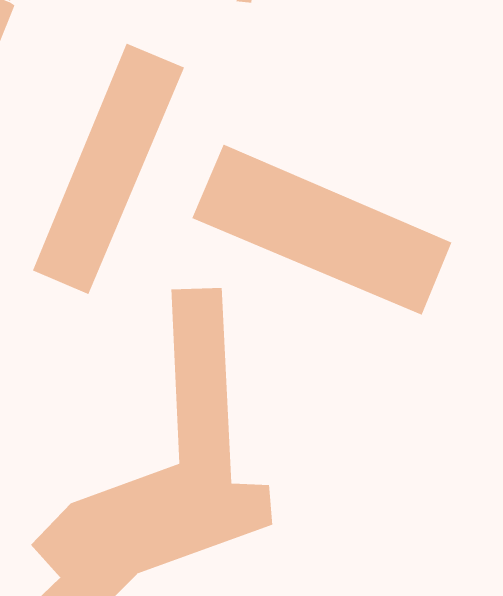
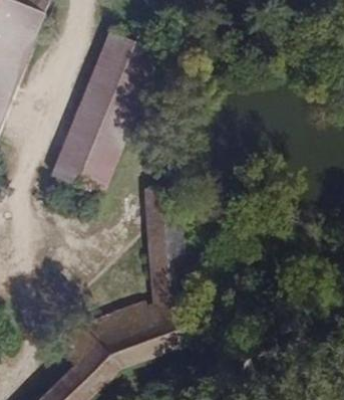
building: [191,143,453,316] -> none

